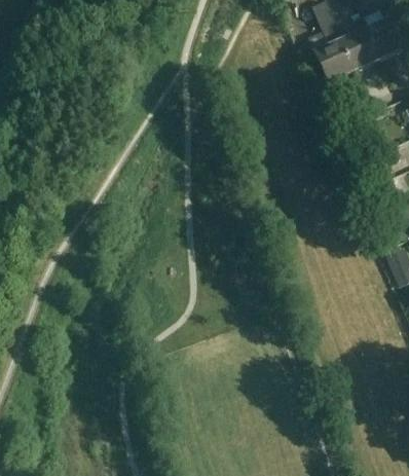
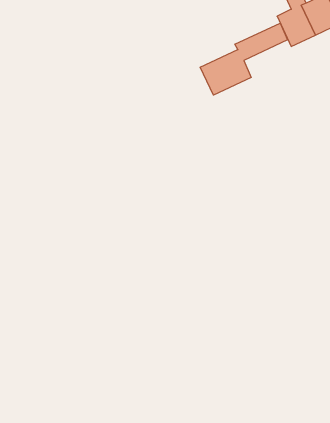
building: none -> [200,23,288,95]

